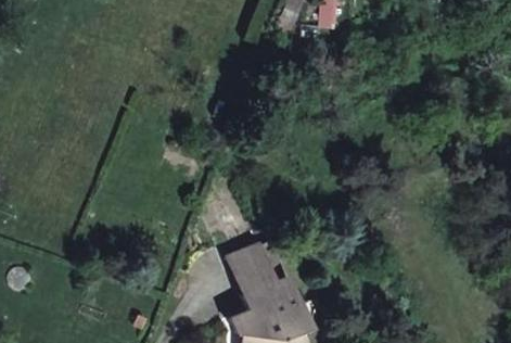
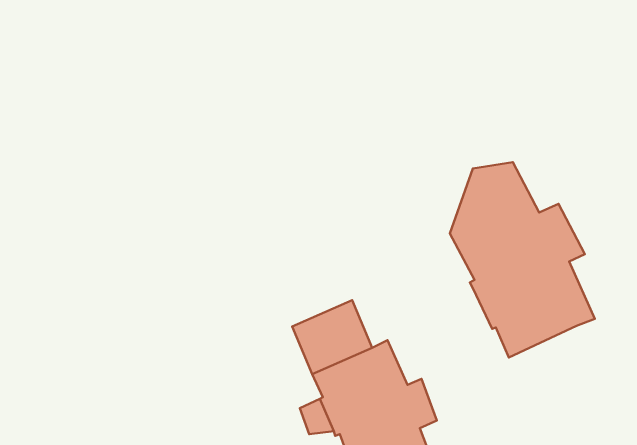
building: none -> [450,162,595,358]

